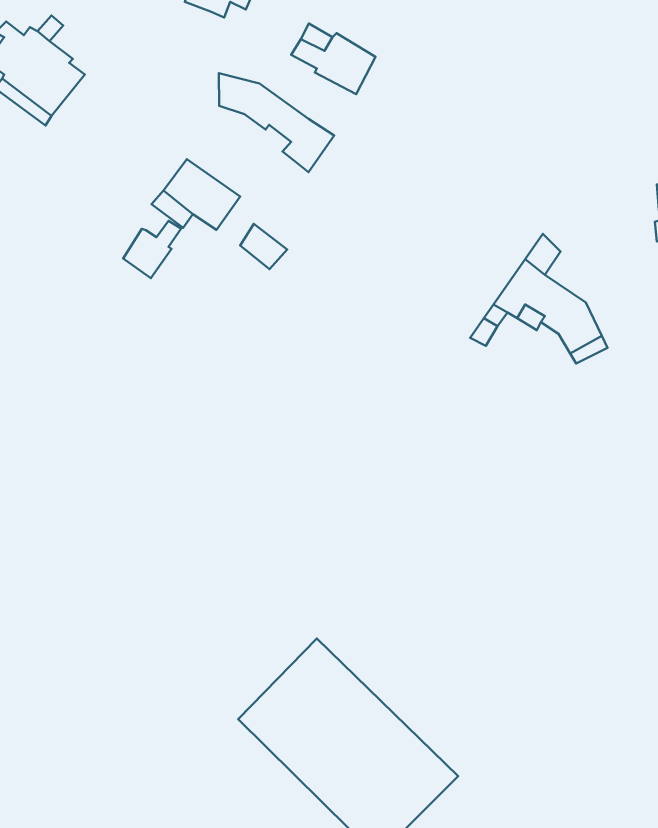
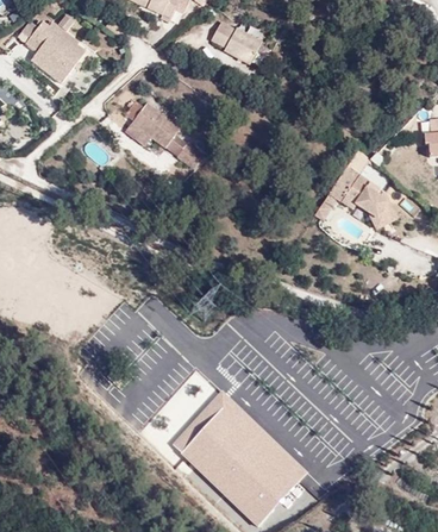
building: [219,73,334,172] -> none
building: [123,221,181,278] -> none

